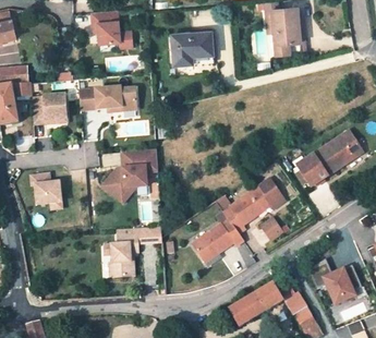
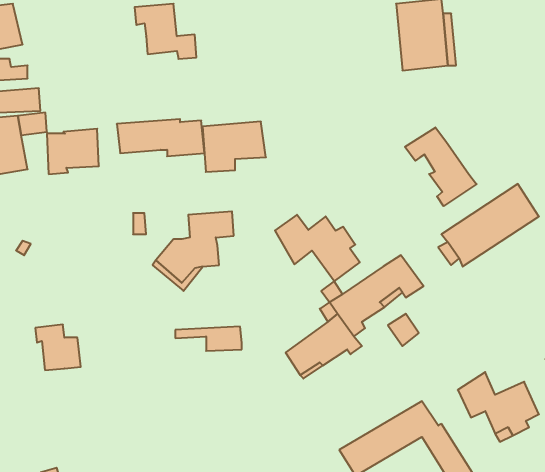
building: [171,31,214,64] -> [203,122,266,172]
building: none -> [405,127,477,206]
building: none -> [275,215,360,281]
building: [31,173,61,204] -> [35,325,81,370]
building: [105,233,138,277] -> none

